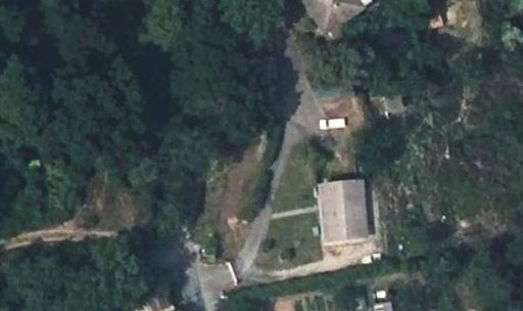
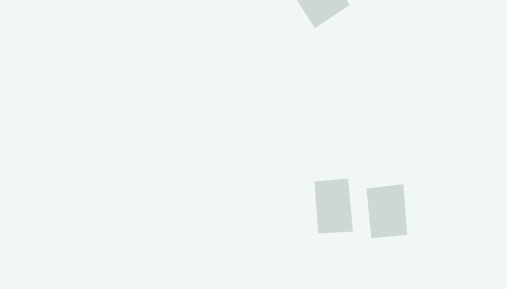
building: none -> [366,183,408,239]

